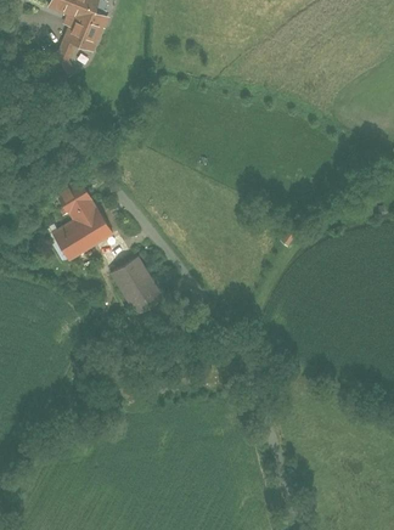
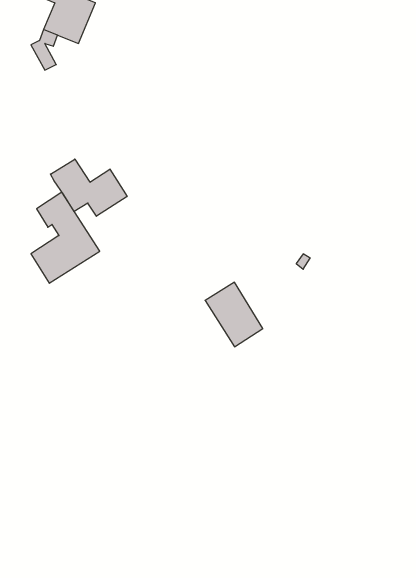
building: none -> [50,159,127,216]
building: [111,258,161,314] -> [205,282,263,347]

